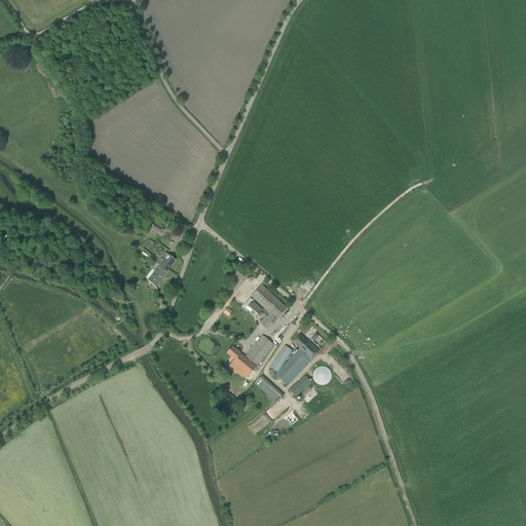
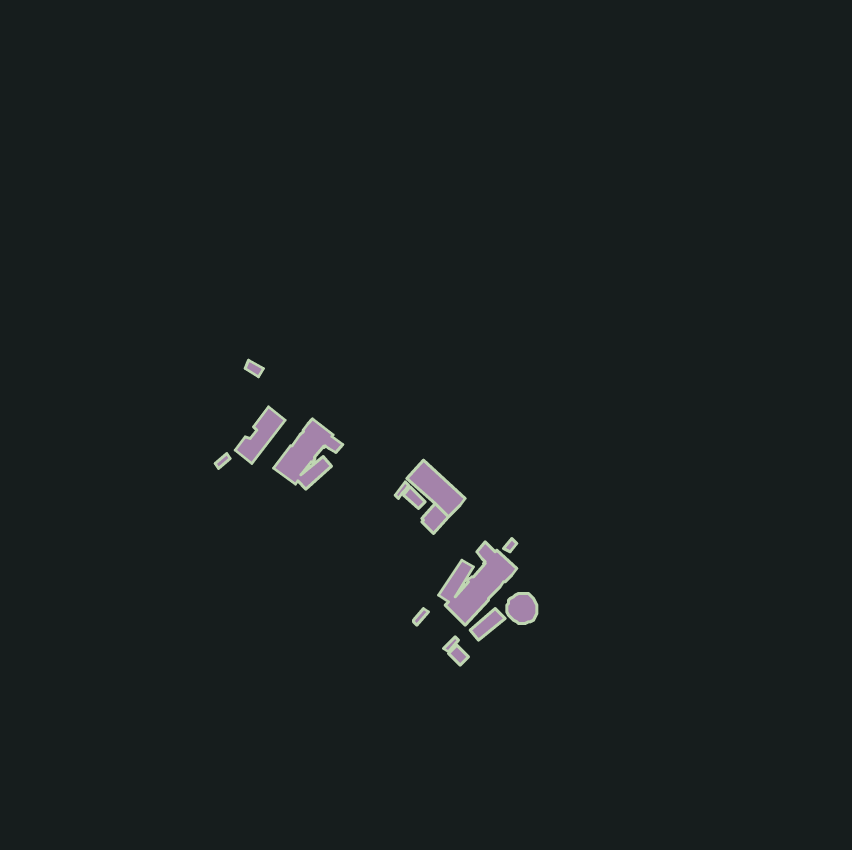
building: none -> [274,419,343,489]
building: [227,335,273,379] -> none

